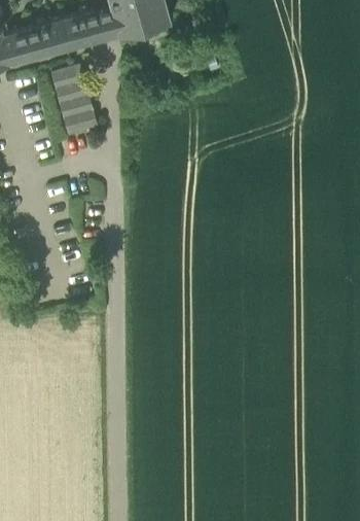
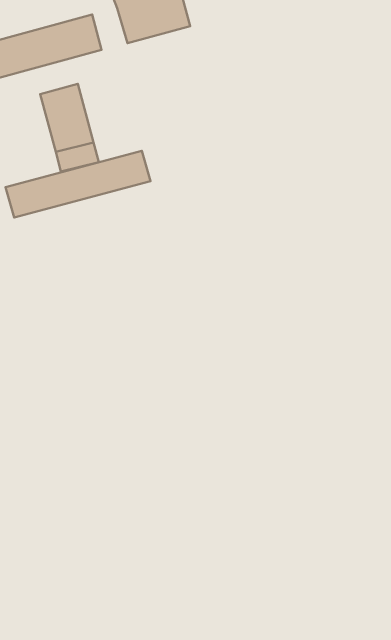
building: [93,8,120,41] -> none
building: none -> [5,151,151,217]

